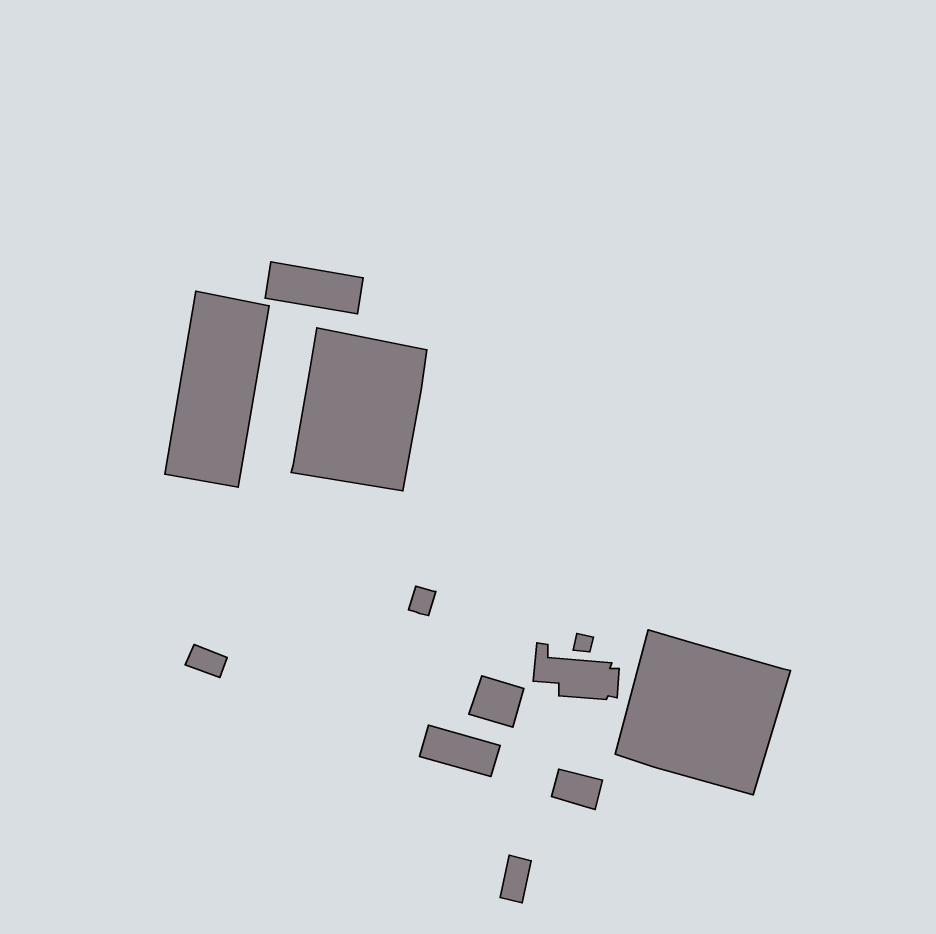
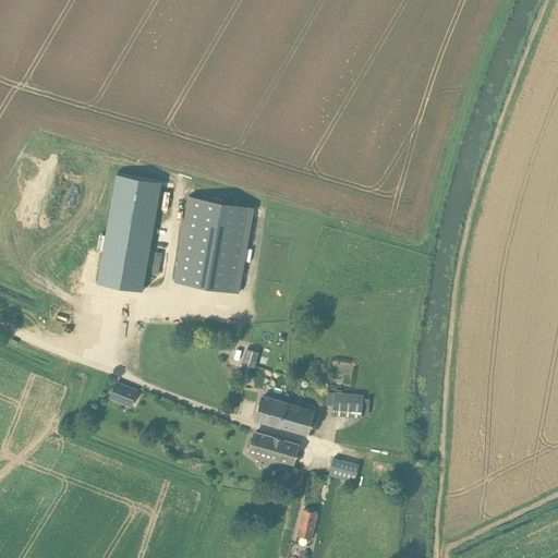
building: [265,262,363,314] -> none
building: [615,630,790,795] -> none
building: none -> [256,397,287,426]

